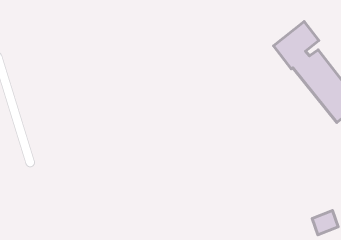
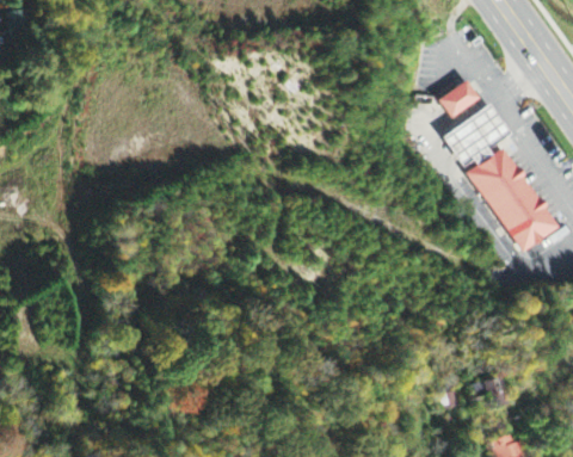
building: none -> [438,81,479,118]

